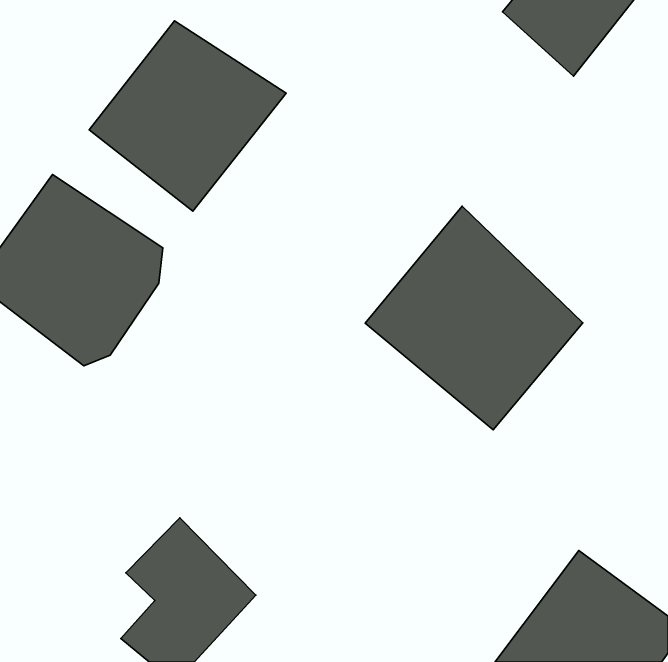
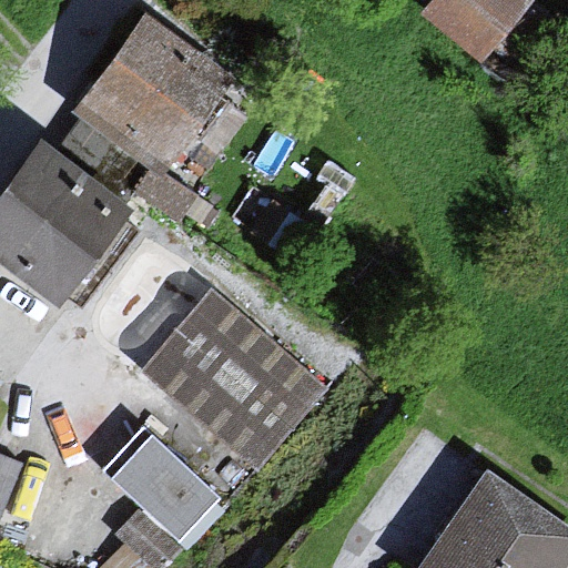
building: [365,206,583,430] -> none
building: none -> [138,295,317,444]

